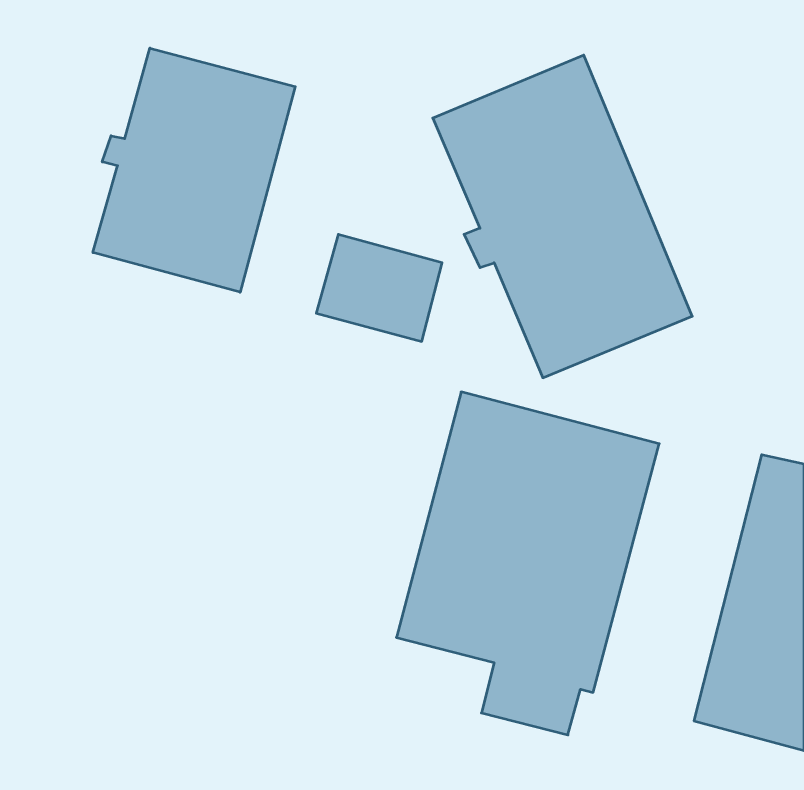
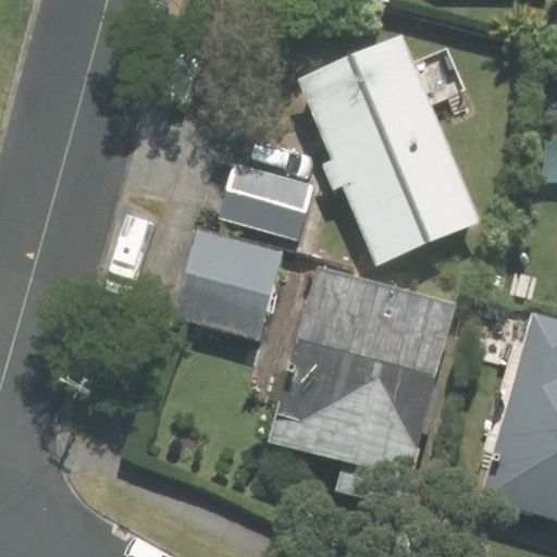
building: [93,48,295,292] -> none
building: none -> [174,226,282,335]

